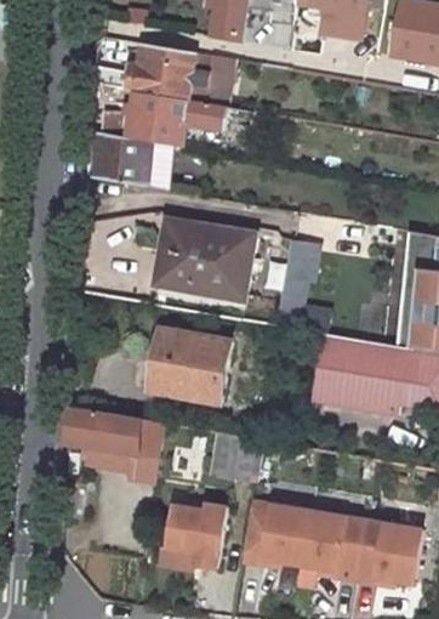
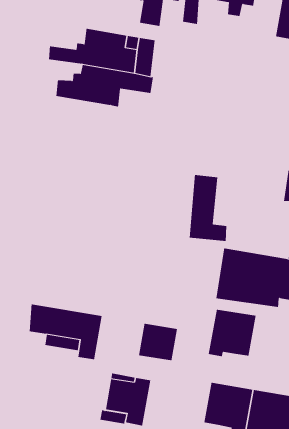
building: [92,134,172,193] -> none
building: [159,226,255,296] -> none
building: [152,331,230,402] -> none
building: [240,502,304,566] -> [208,309,257,357]

